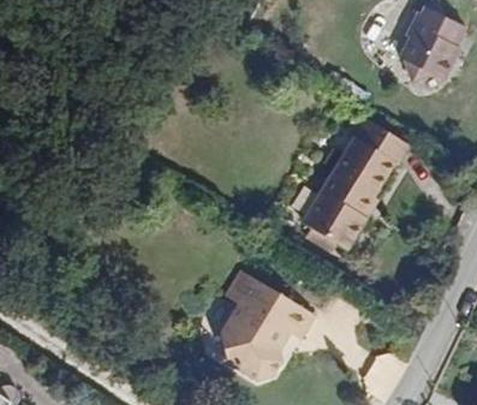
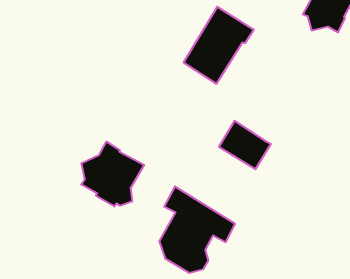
building: [318,121,406,218] -> [184,7,254,84]
building: none -> [81,142,144,207]

